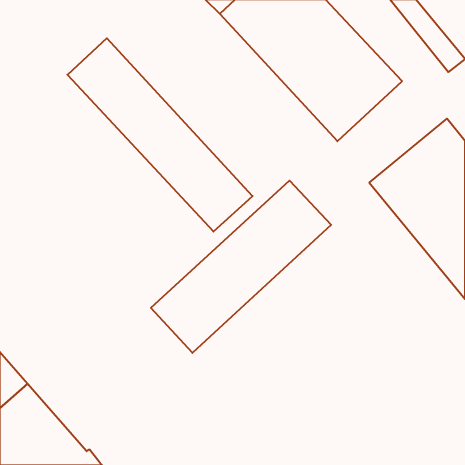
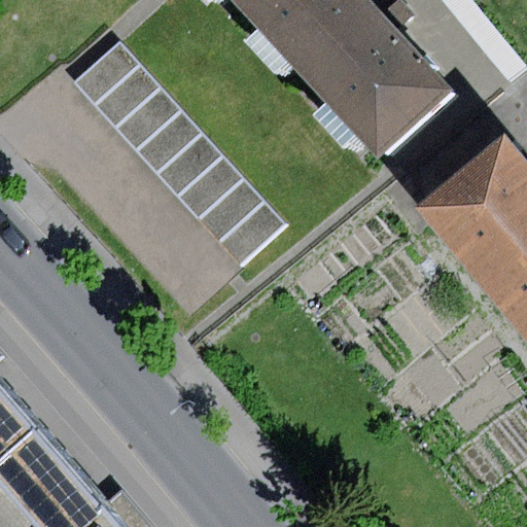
building: [151,181,331,353] -> none

